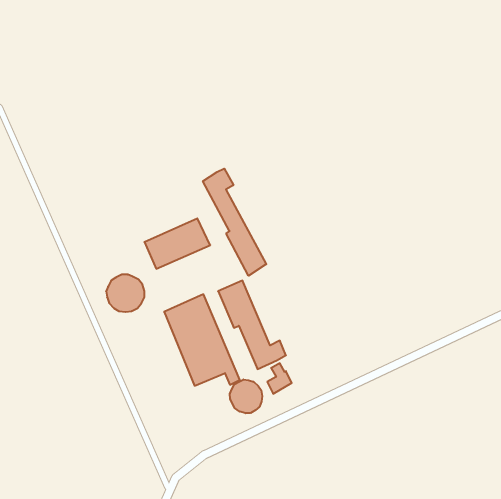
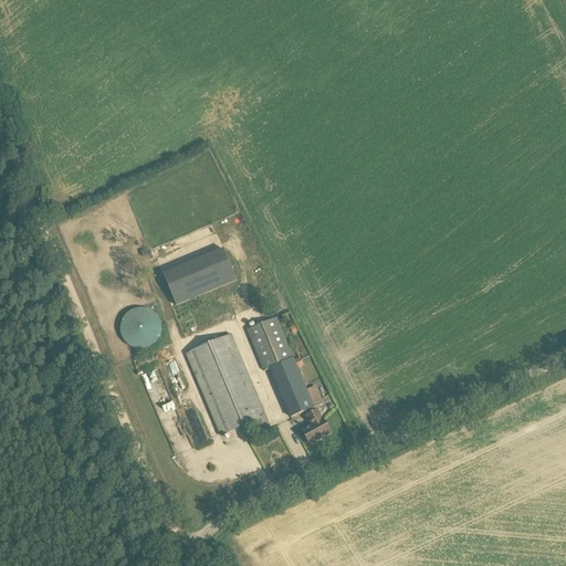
building: [203,169,266,276] -> none
building: [230,379,262,413] -> none

